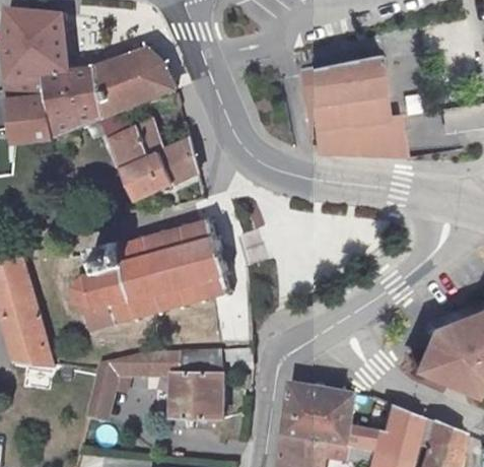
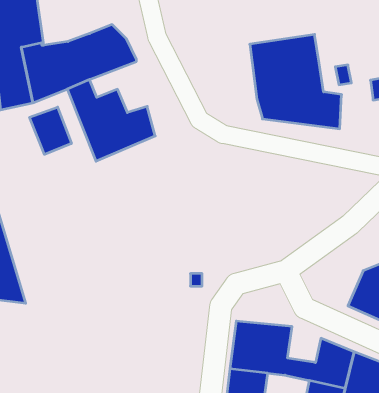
building: none -> [30,107,71,154]
building: [75,220,228,328] -> none
building: [83,348,250,430] -> none

